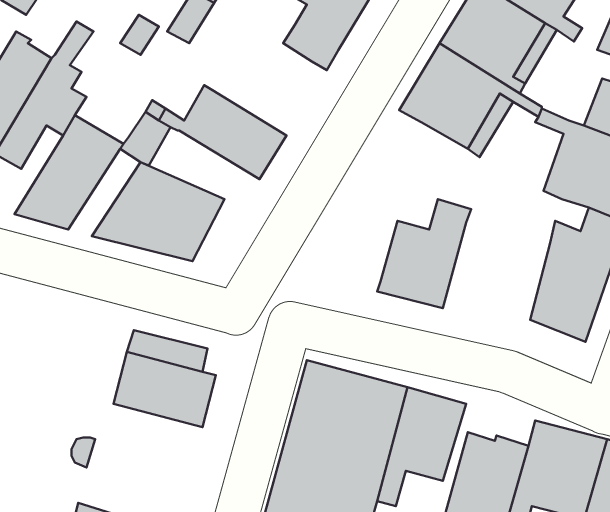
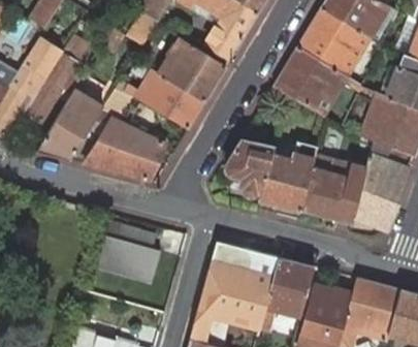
building: none -> [159,38,227,102]
building: none -> [225,139,275,196]
building: none -> [300,156,366,223]

